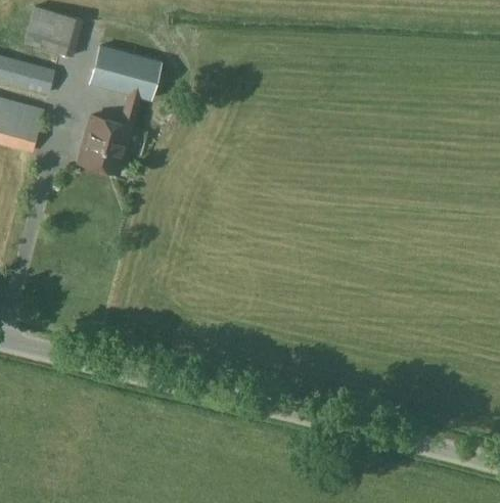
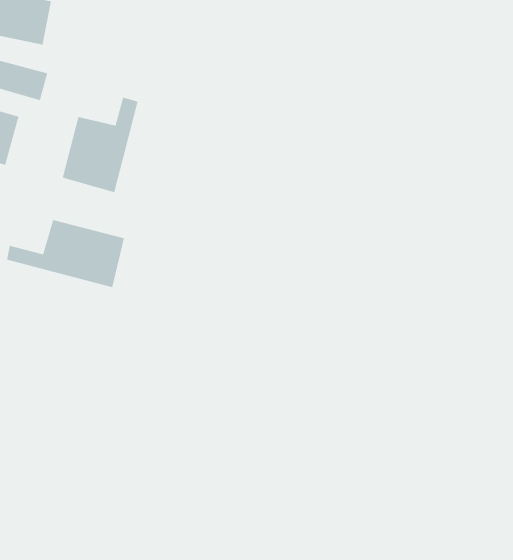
building: [89,44,163,100] -> none
building: none -> [6,219,125,288]

